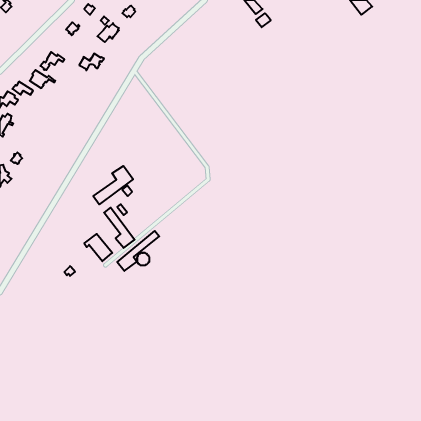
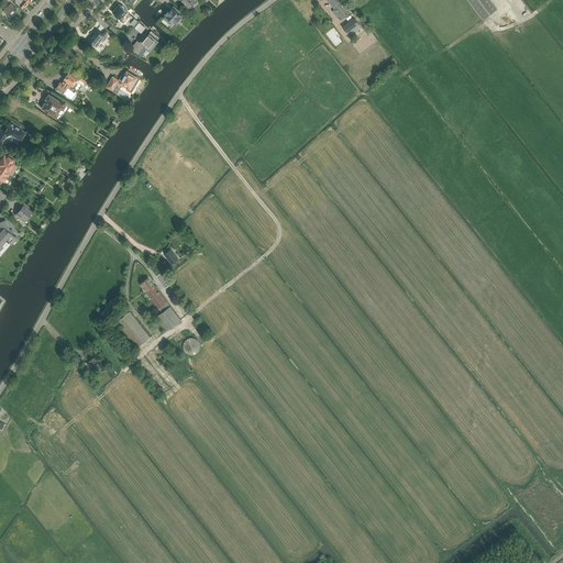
building: [93,166,133,204] -> none
building: [117,231,159,271] -> none

